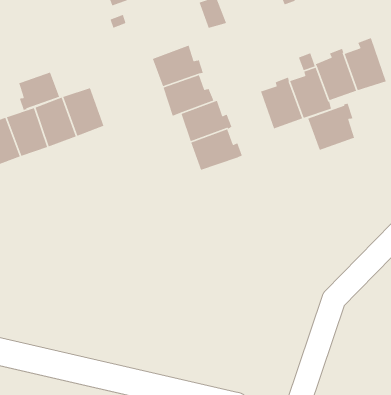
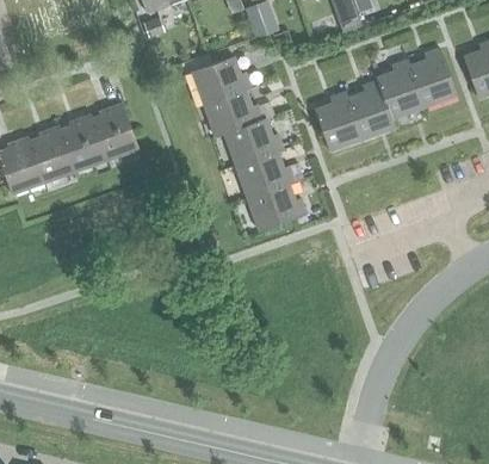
building: [18,72,60,111] -> none
building: [307,103,355,151] -> none
building: none -> [247,184,305,231]

